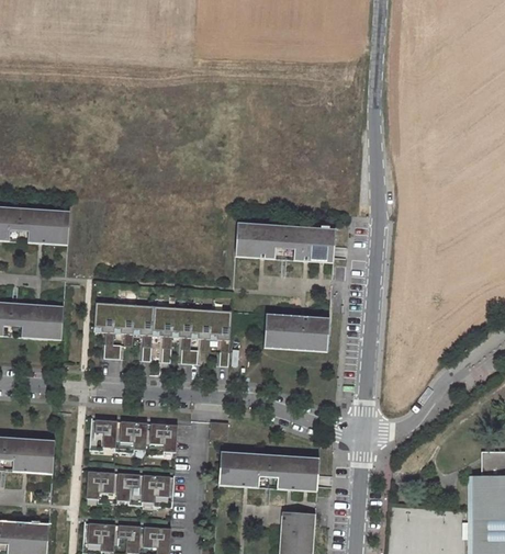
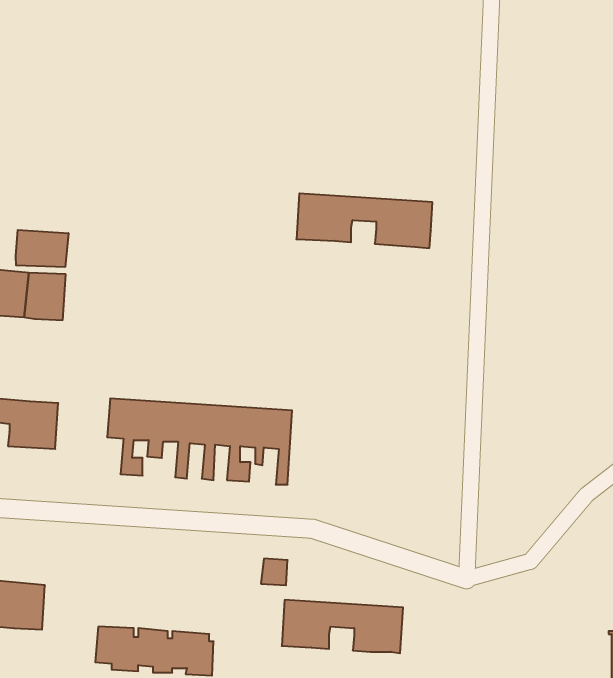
building: none -> [16,230,68,267]
building: [234,222,335,262] -> [296,193,432,248]
building: [269,313,324,351] -> none
building: [89,418,178,454] -> none

